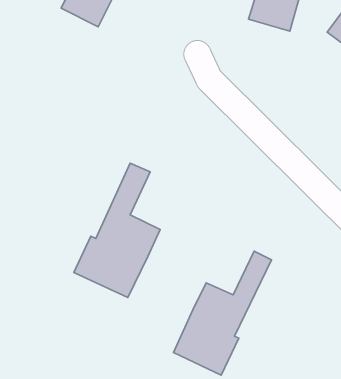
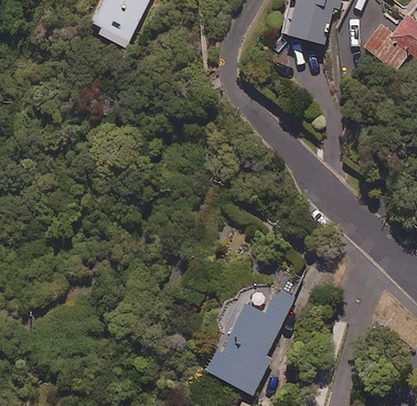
building: [74,163,160,298] -> none

